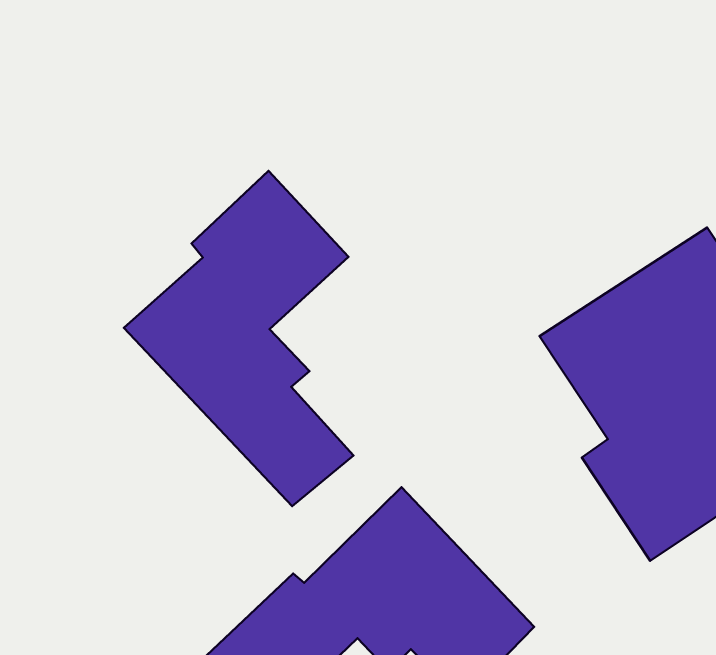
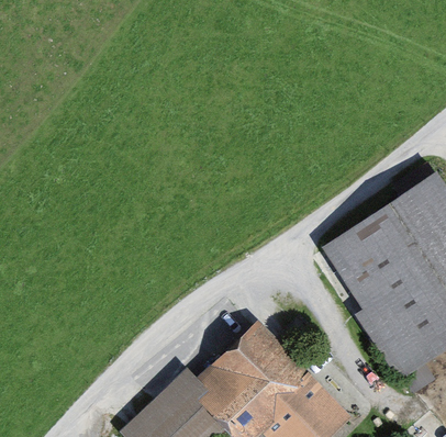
building: [124,171,354,506] -> none

